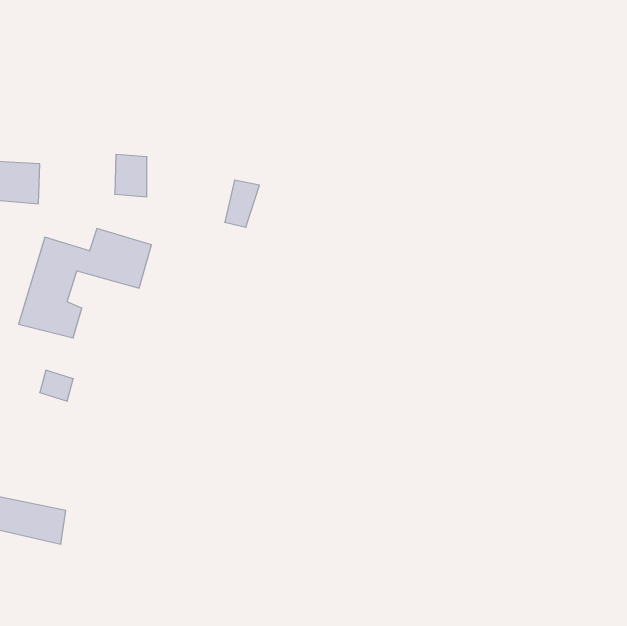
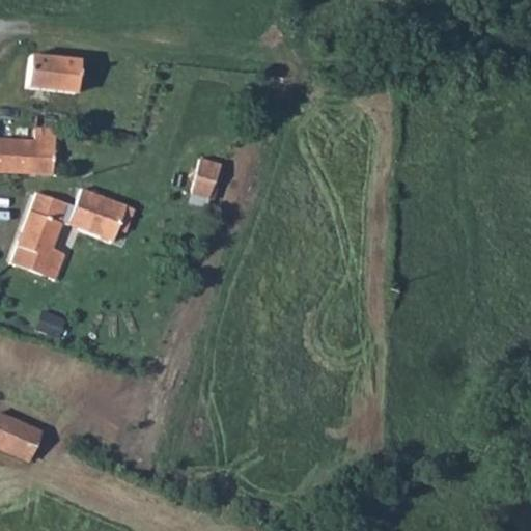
building: none -> [27,58,69,86]
building: [115,154,147,197] -> [32,137,59,172]

